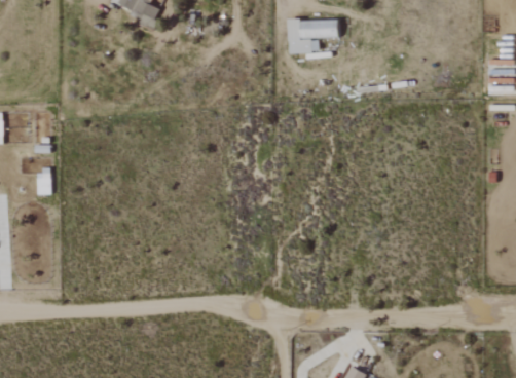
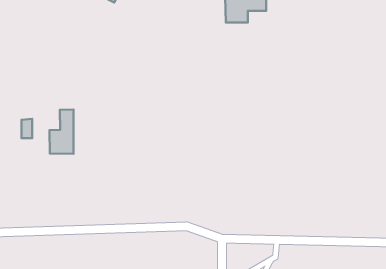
building: none -> [50,110,73,154]

